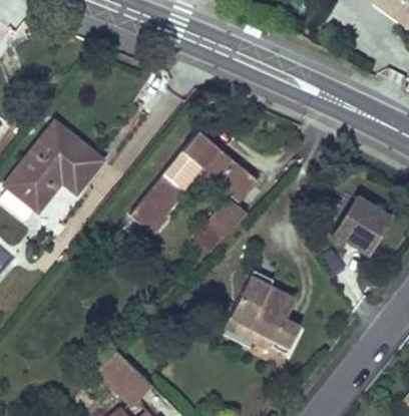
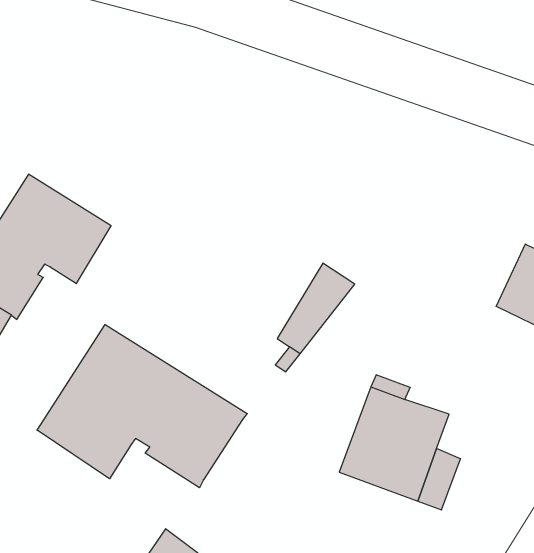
building: [130,129,259,233] -> none
building: none -> [37,325,247,488]

